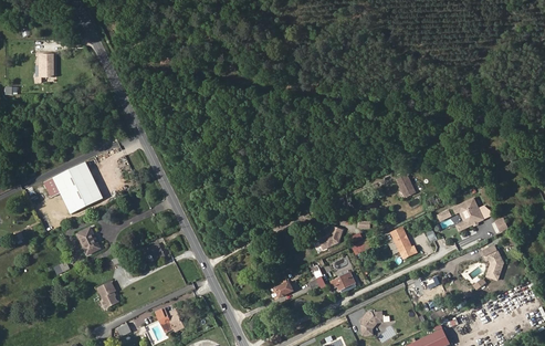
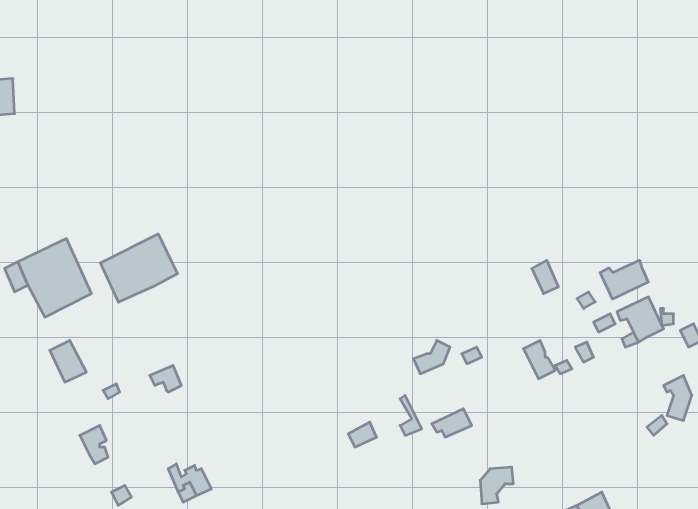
building: none -> [100,234,177,302]
building: none -> [600,260,648,299]

